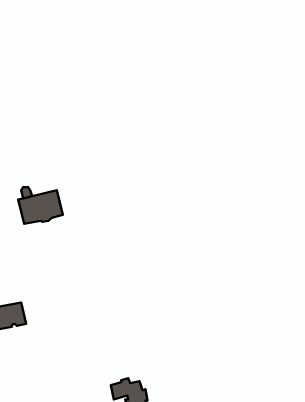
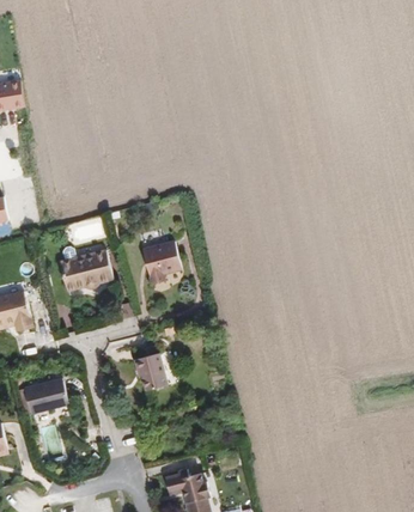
building: none -> [144,240,182,282]
building: none -> [138,352,169,388]

